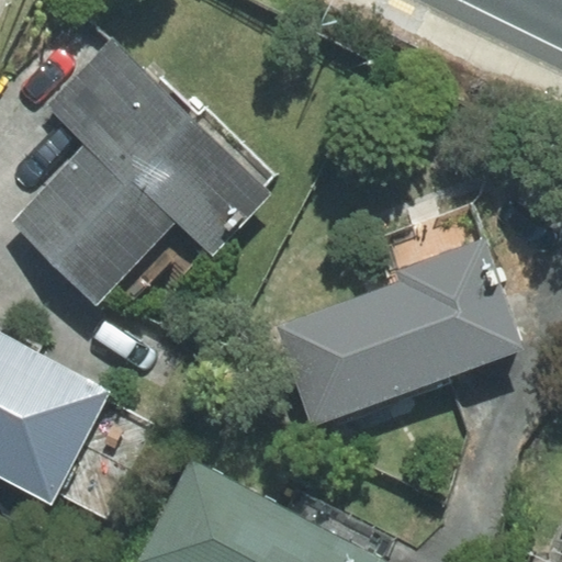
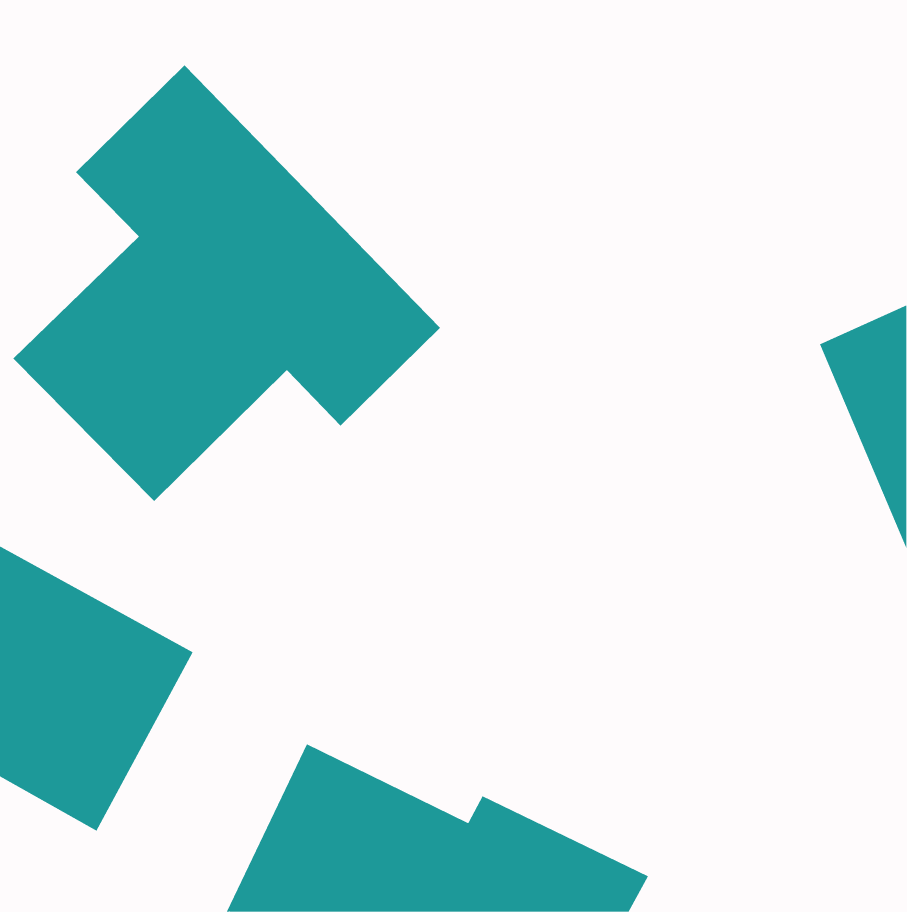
building: [281,240,520,423] -> none

